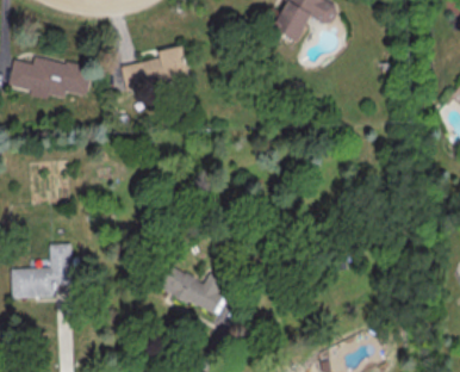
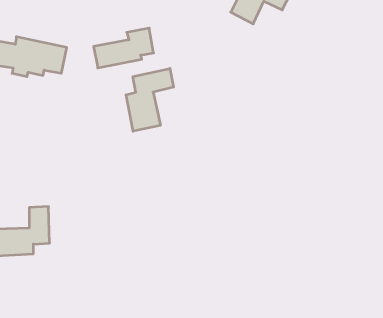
building: none -> [126,68,174,131]
building: [160,267,229,314] -> none

